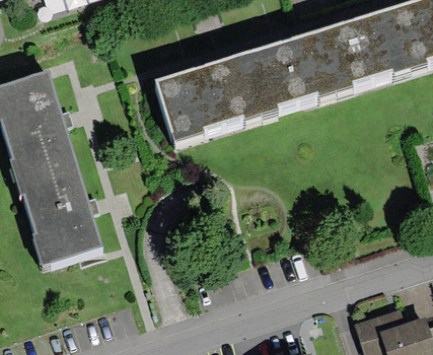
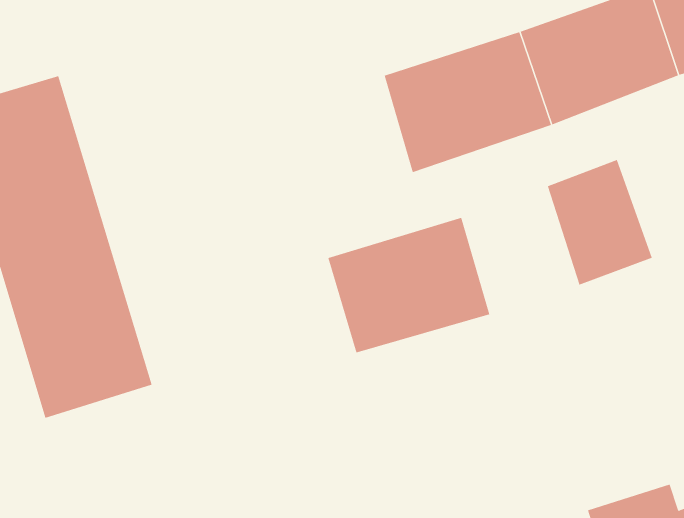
building: [158,68,251,146] -> [328,217,490,353]
building: none -> [547,159,652,285]

